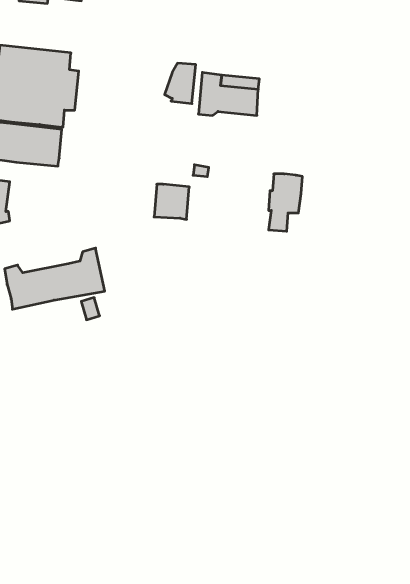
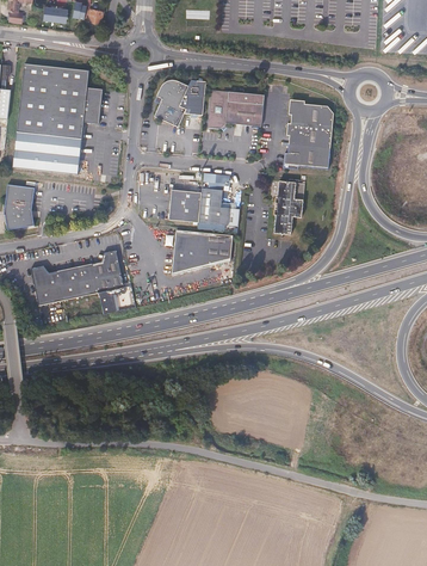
building: none -> [151,82,184,128]
building: none -> [281,99,332,170]
building: none -> [197,187,236,226]
building: none -> [171,229,231,275]

